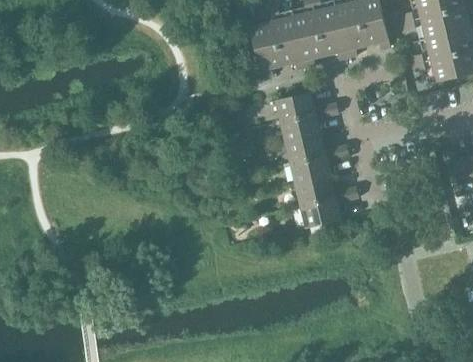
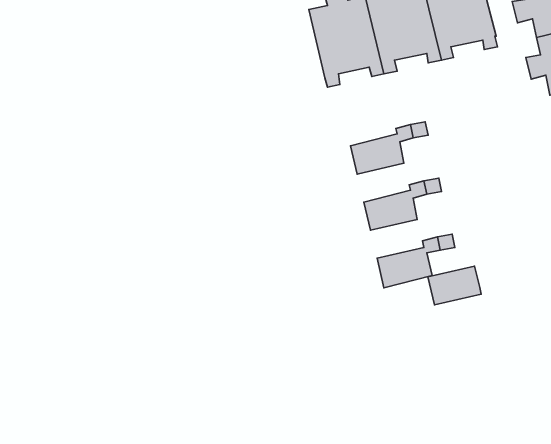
building: [275,92,315,122] -> none
building: [285,135,325,164] -> none
building: [295,177,335,206] -> [428,266,481,305]

